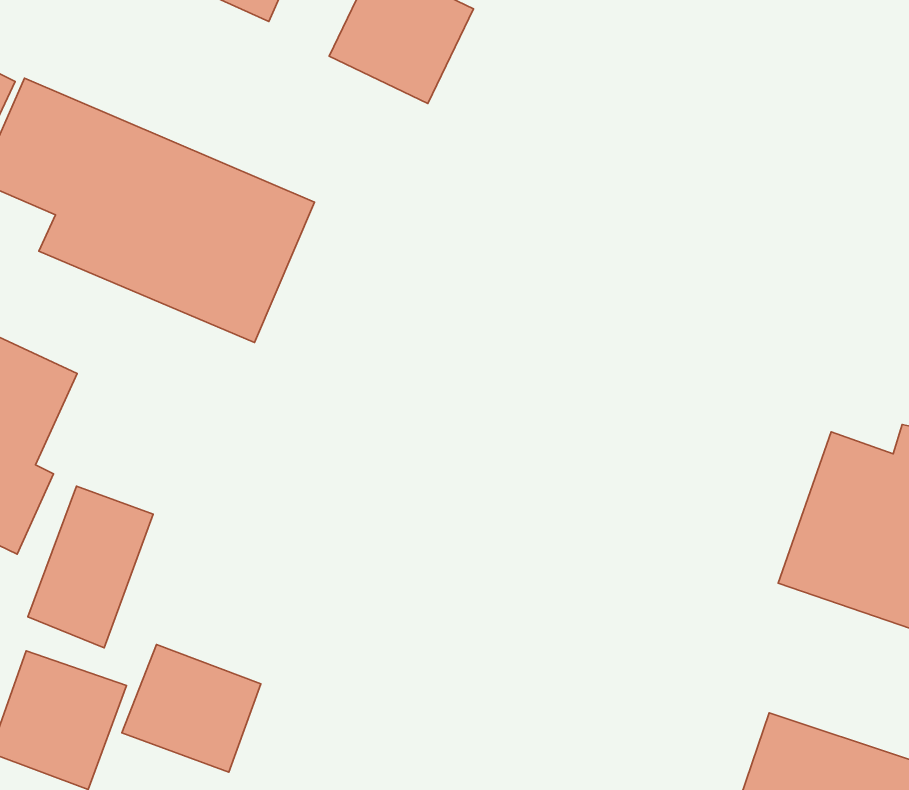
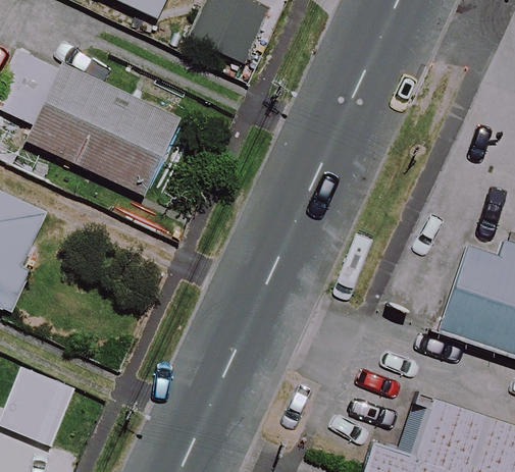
building: [28,486,153,648] -> none
building: [122,645,261,772] -> none

